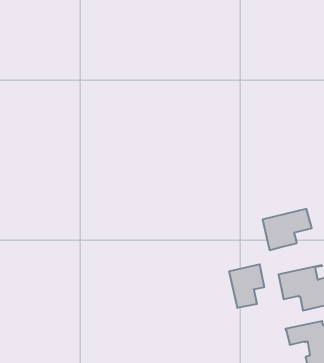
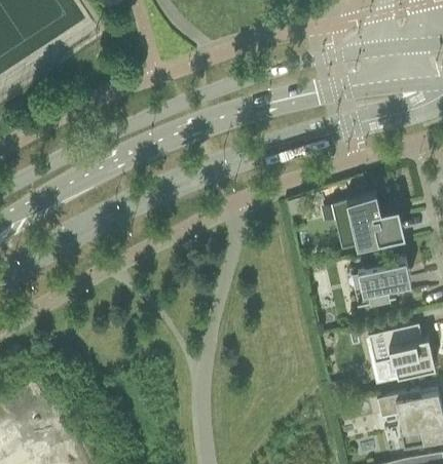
building: none -> [337,192,402,250]
building: [229,264,264,308] -> none

